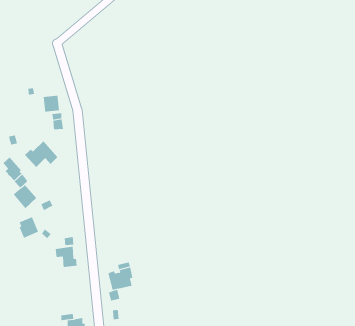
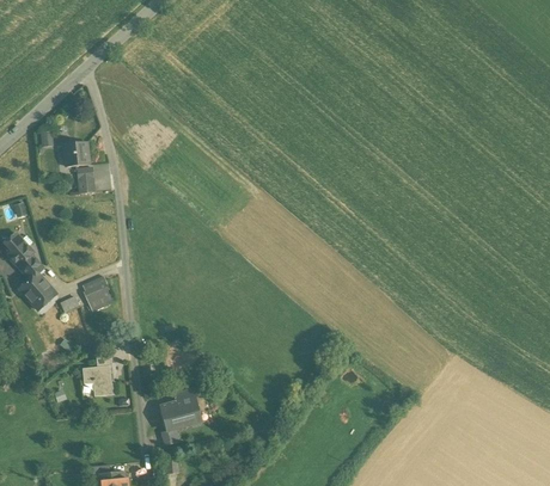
building: [24,140,58,168] -> none
building: [19,217,39,238] -> [84,277,114,309]

